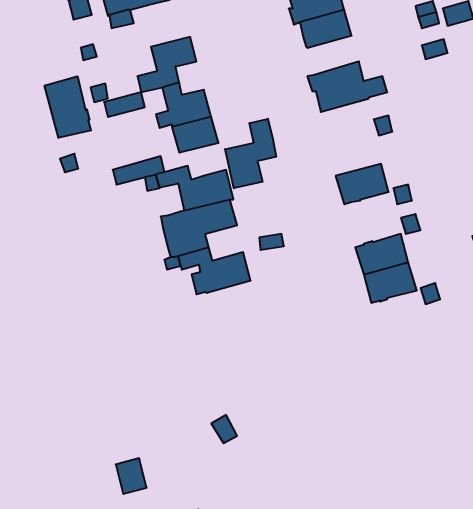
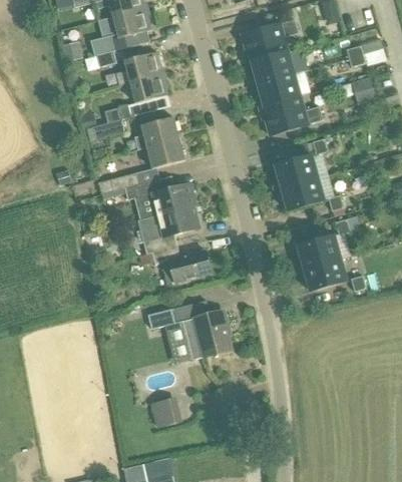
building: none -> [115,52,162,84]
building: none -> [258,73,300,105]
building: [45,76,91,138] -> none
building: [225,119,276,188] -> none
building: none -> [275,154,318,187]
building: none -> [147,300,232,360]
building: [116,458,147,494] -> [152,398,177,427]

